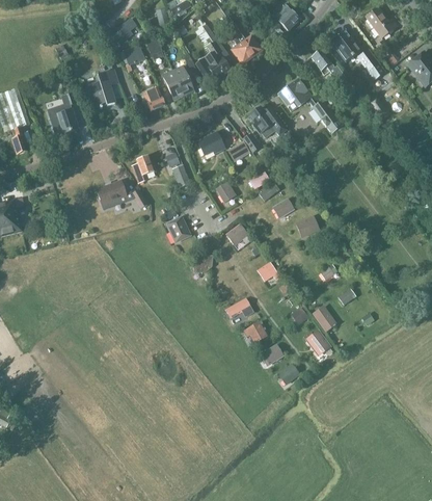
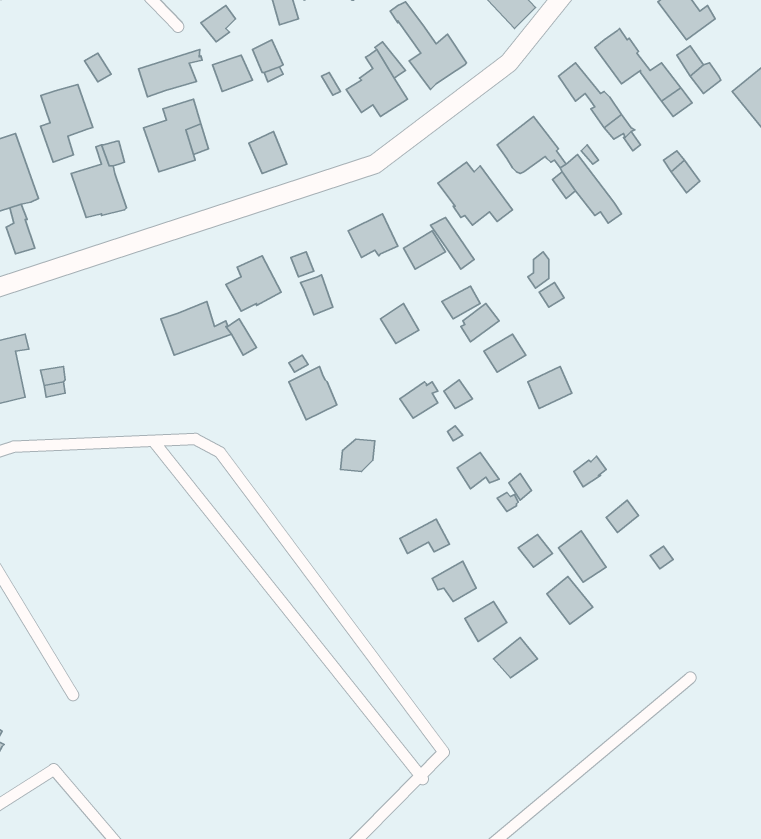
building: none -> [139,50,202,97]
building: none -> [41,84,93,162]
building: [163,67,193,100] -> none

